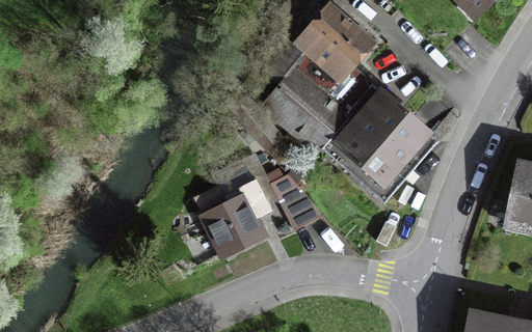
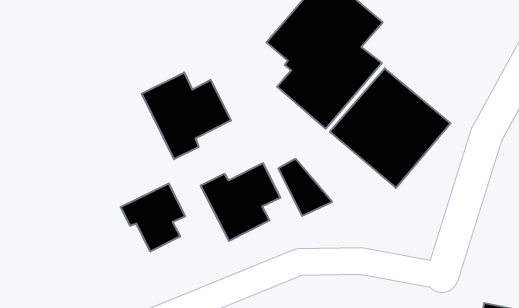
building: none -> [142,72,231,159]
building: none -> [121,183,185,252]

